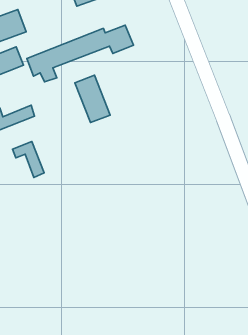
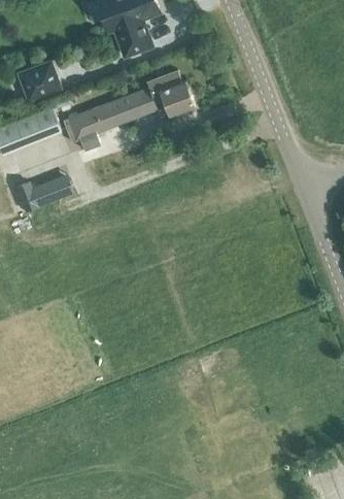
building: [75,75,110,123] -> none
building: [12,141,44,178] -> none

